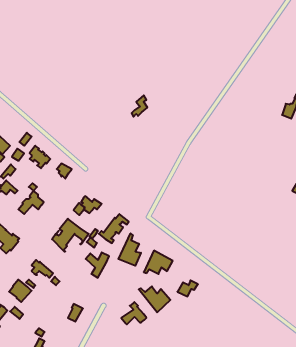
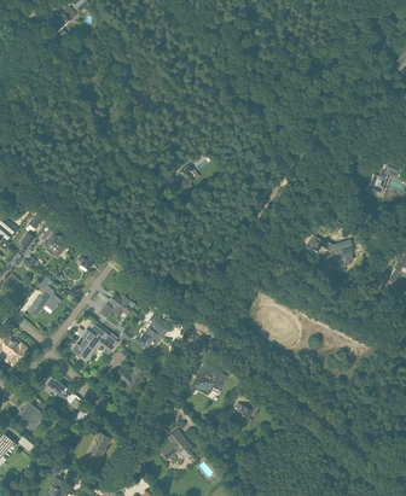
building: none -> [309,235,353,268]
building: [118,233,141,266] -> none
building: [139,286,170,312] -> none

